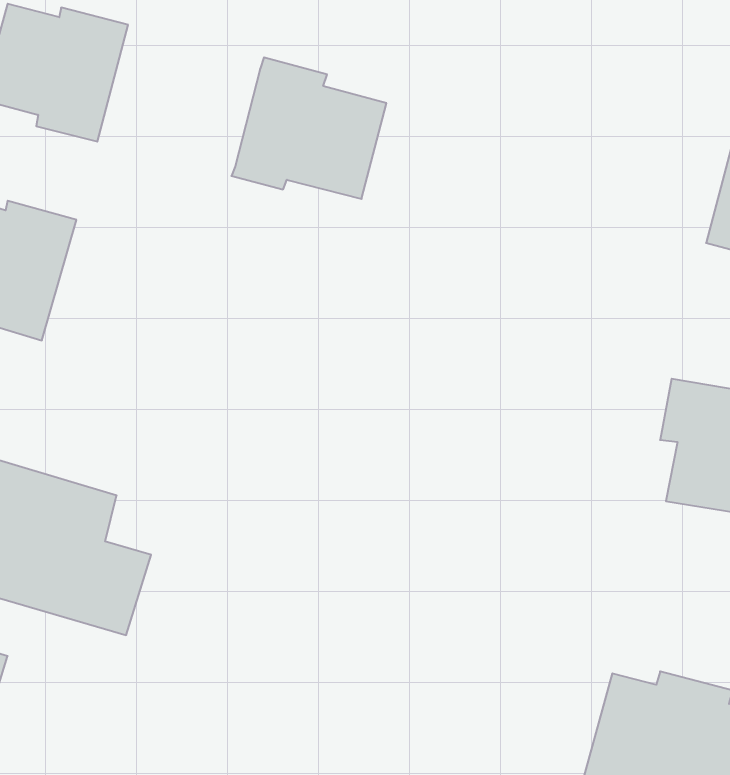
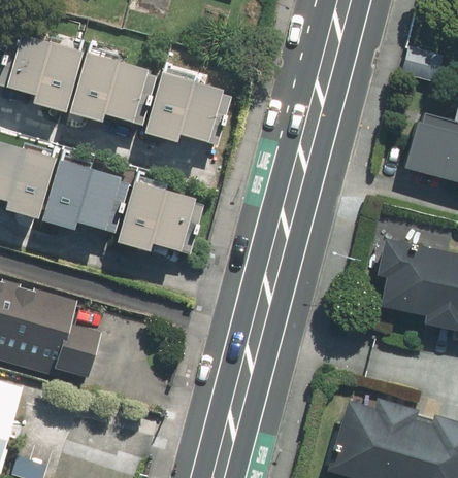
building: none -> [73,50,157,126]
building: none -> [47,158,124,232]
building: none -> [122,178,199,254]

